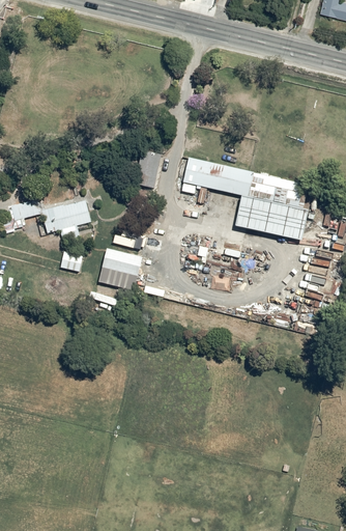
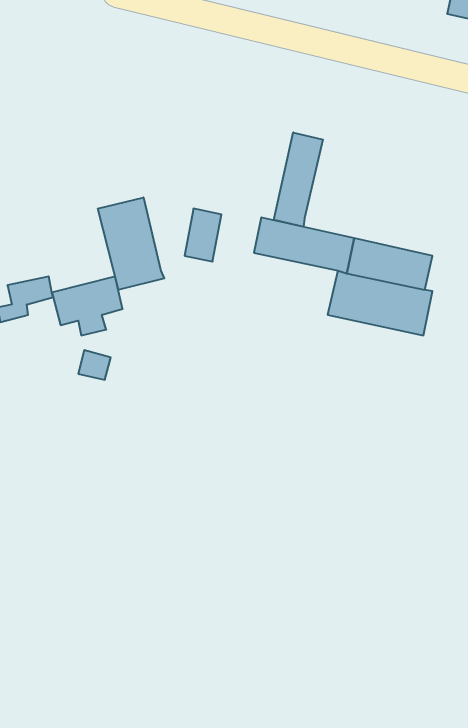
building: none -> [274,132,323,227]
building: none -> [98,197,164,290]
building: [98,248,142,289] -> none

